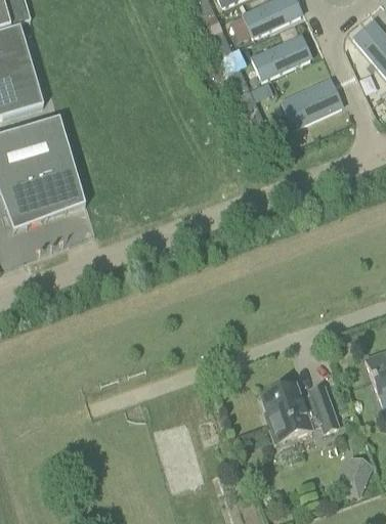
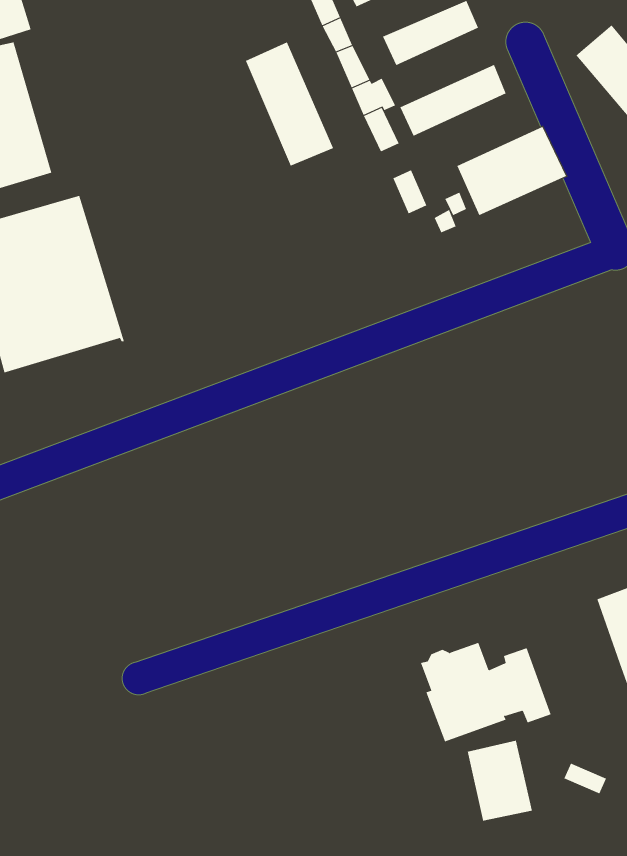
building: none -> [245,42,334,166]
building: none -> [467,740,532,822]

